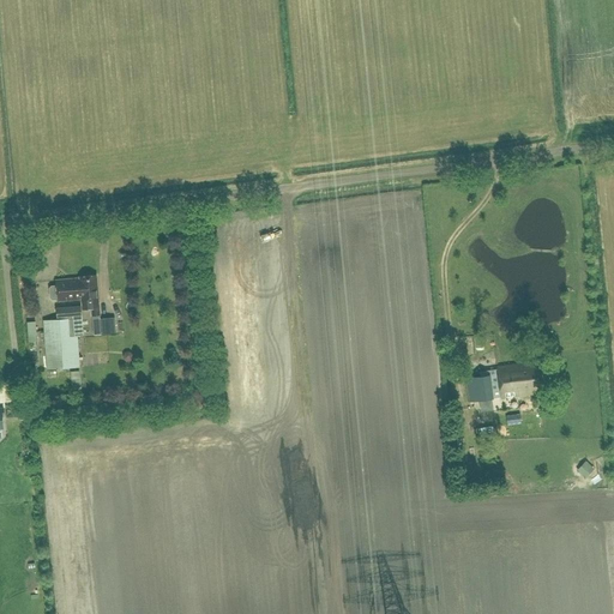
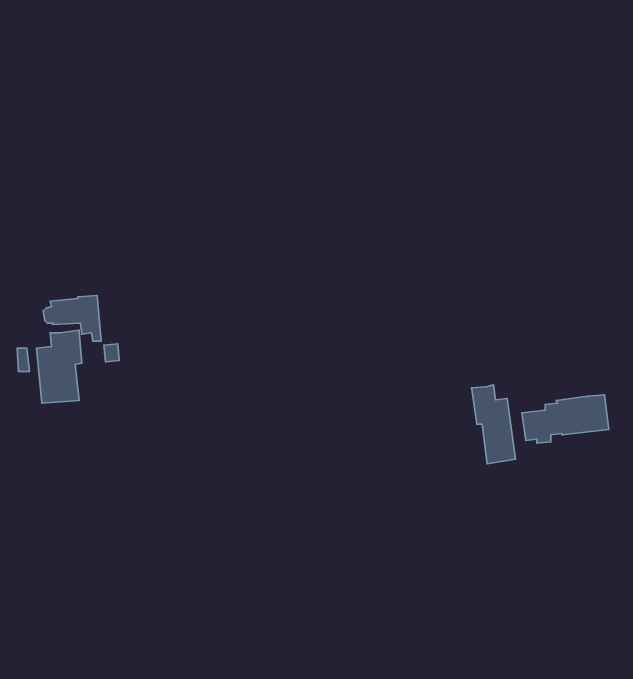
building: none -> [471,385,515,464]

